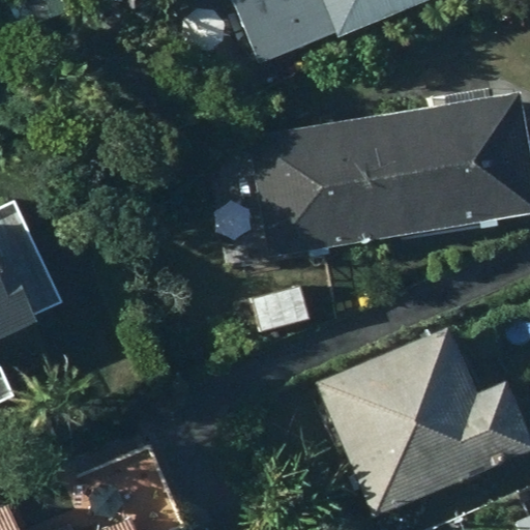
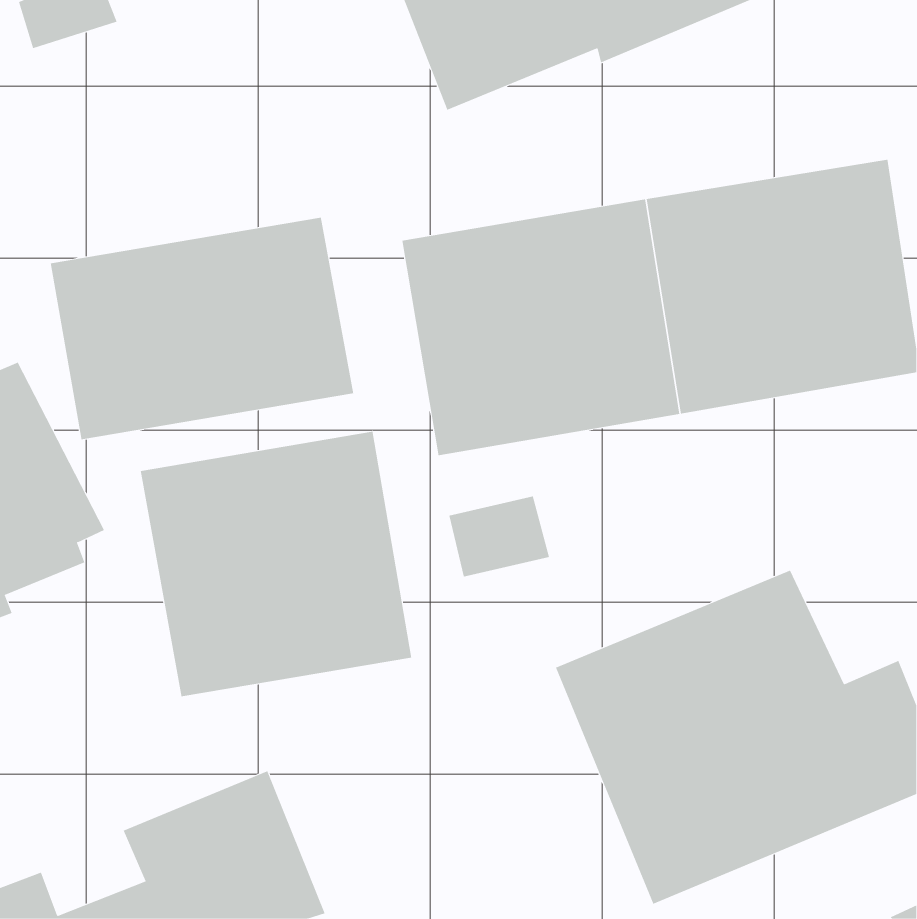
building: none -> [50,217,354,440]
building: none -> [140,431,412,697]

